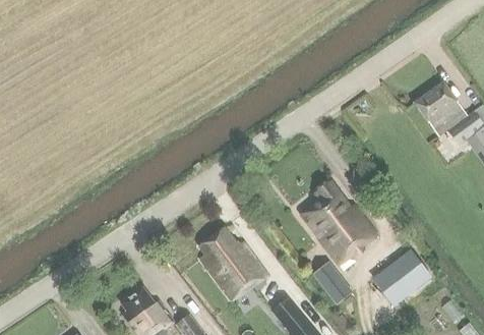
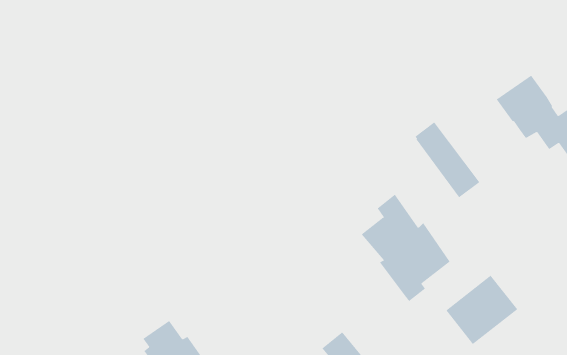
building: none -> [415,122,480,198]
building: [201,227,267,300] -> none
building: [312,268,351,304] -> none

